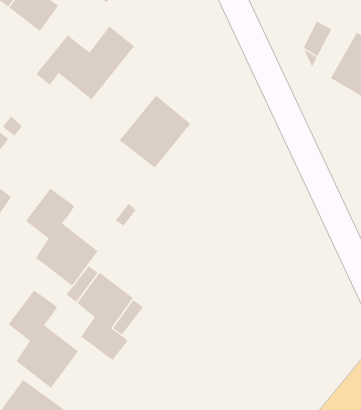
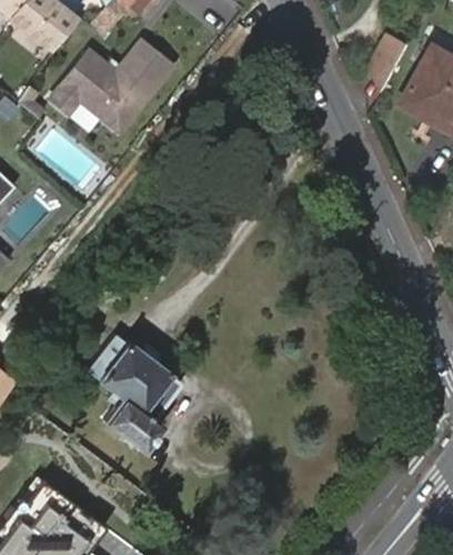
building: [119,95,191,169] -> none
building: [25,188,98,286] -> none
building: [8,289,79,389] -> none

